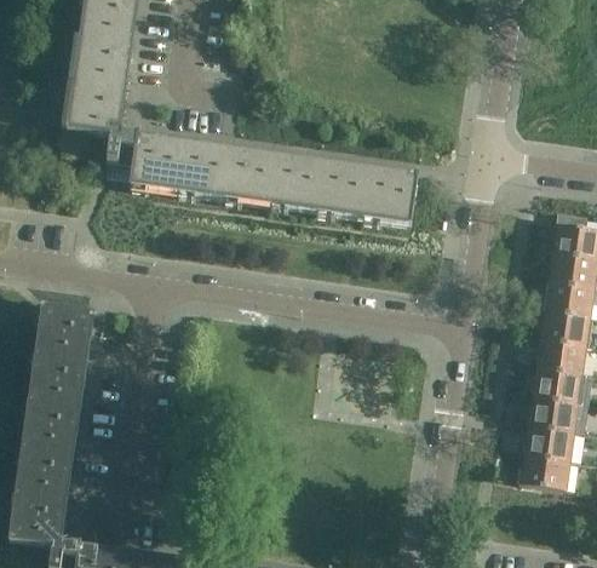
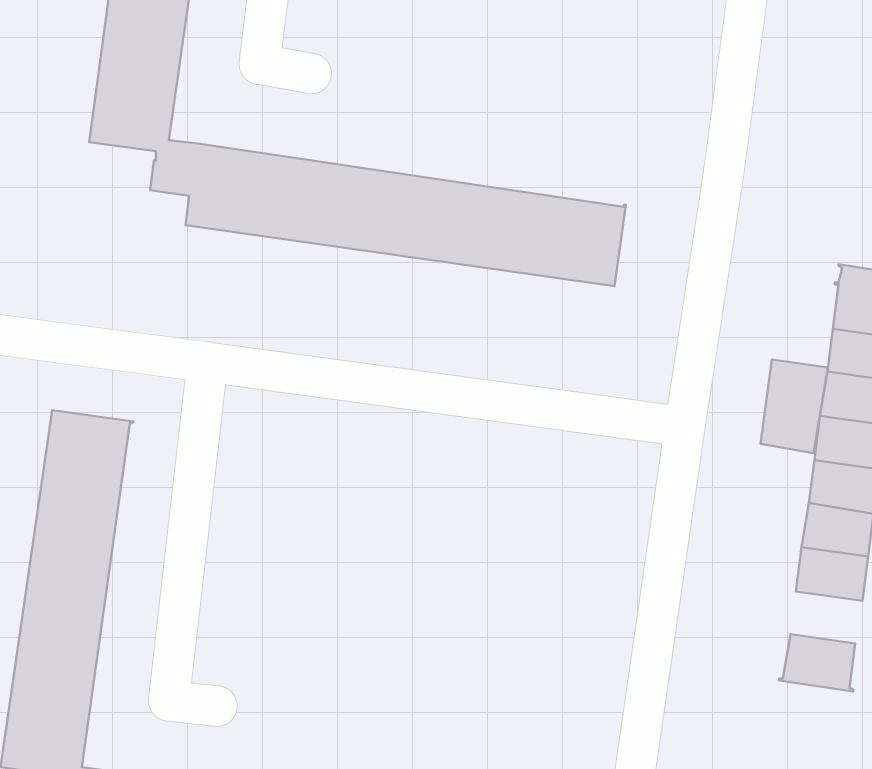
building: none -> [760,360,828,453]
building: [526,421,573,455] -> none

